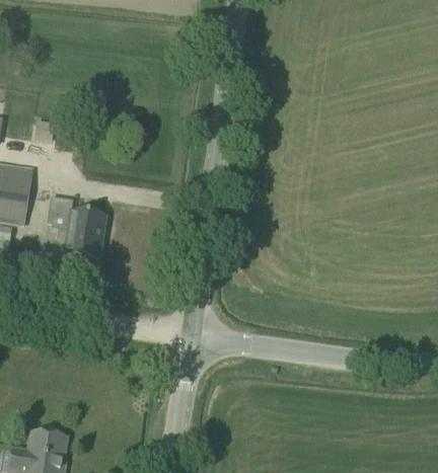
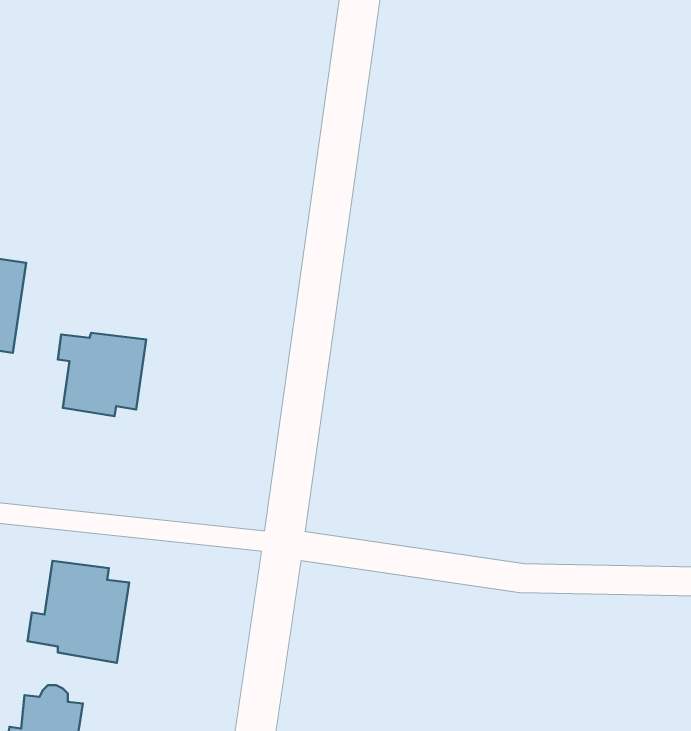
building: none -> [27,561,129,663]

